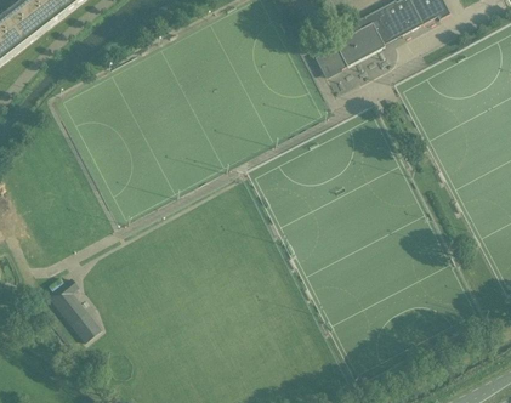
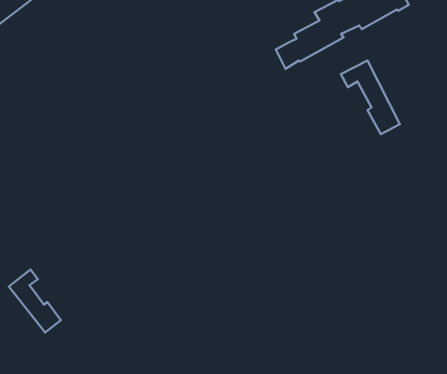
building: none -> [341,60,400,134]

